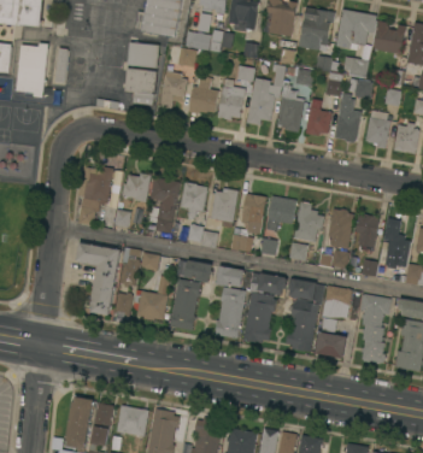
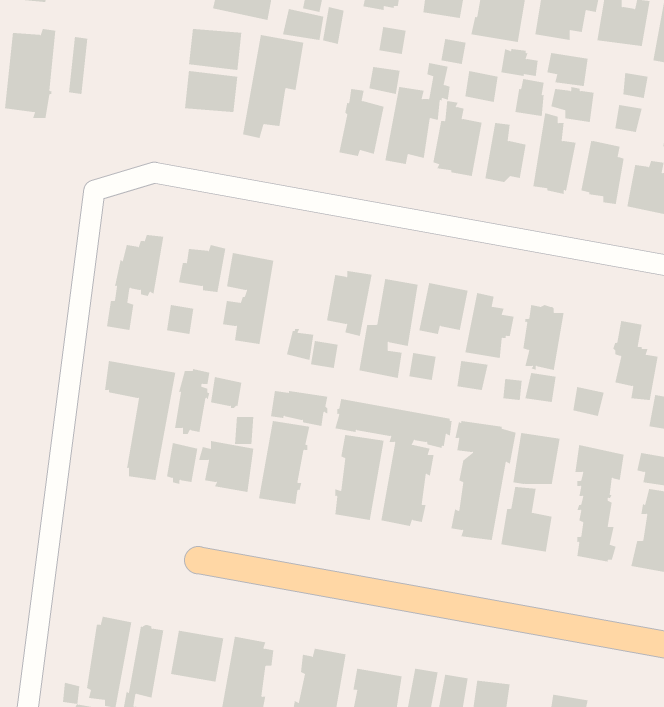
building: [189,76,219,113] -> none
building: [181,181,207,217] -> none
building: [356,213,380,247] -> none

